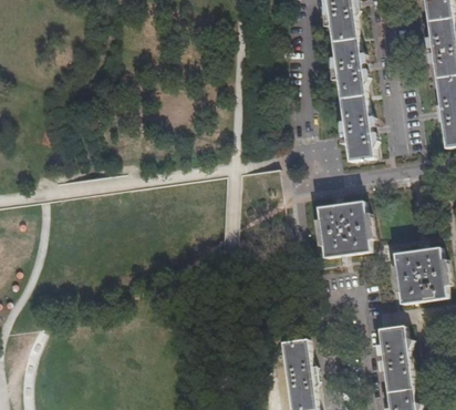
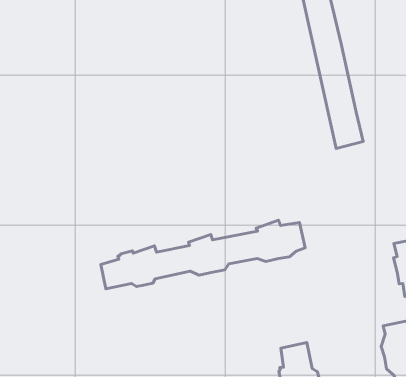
building: [315,203,374,258] -> none
building: none -> [101,220,305,289]

